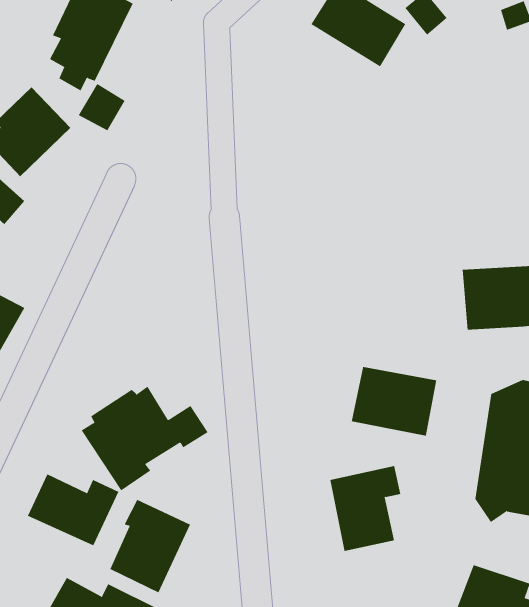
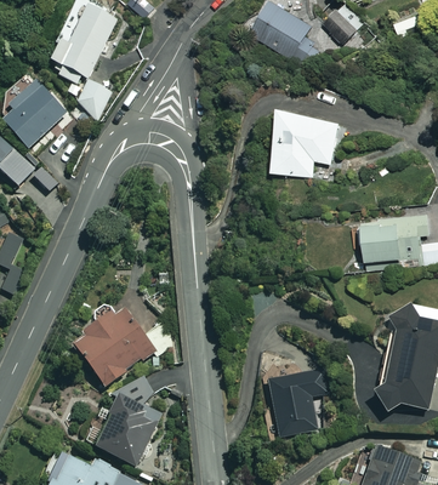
building: none -> [272,112,340,177]
building: [351,366,437,437] -> none
building: [27,474,119,546] -> none

